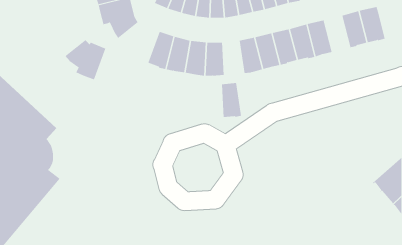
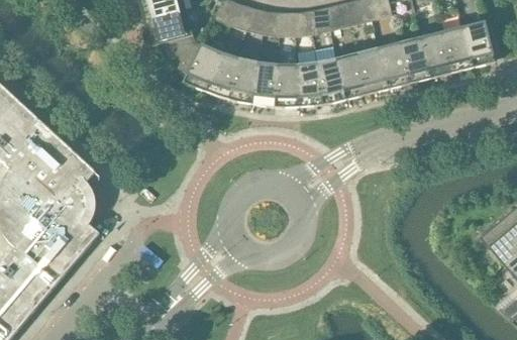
building: none -> [421,32,452,77]
building: [65,39,106,80] -> [170,40,220,90]
building: [221,83,242,117] -> [298,63,323,105]

